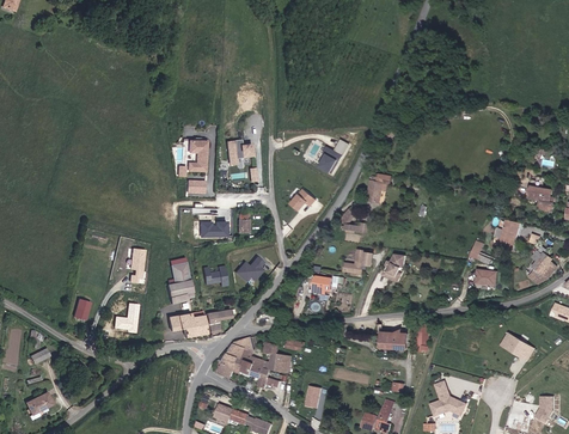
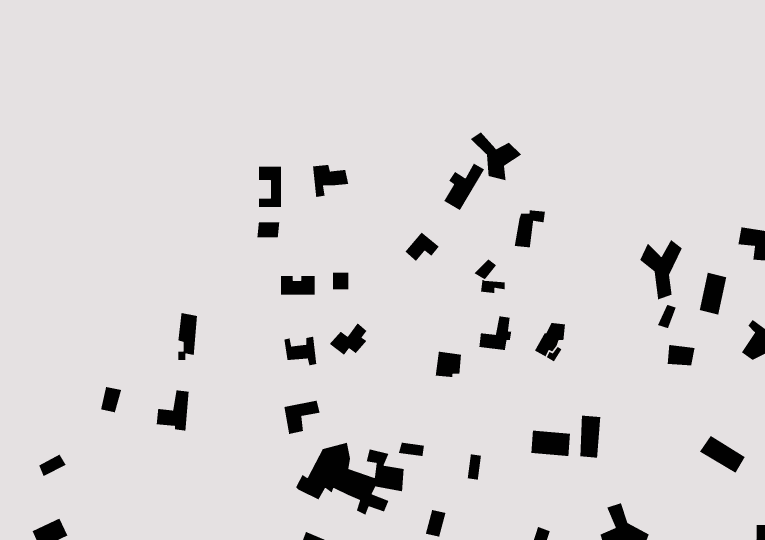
building: none -> [470,131,522,181]
building: none -> [639,239,683,300]
building: [166,262,192,304] -> none
building: [167,311,206,336] -> none

